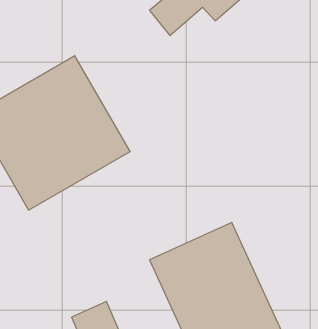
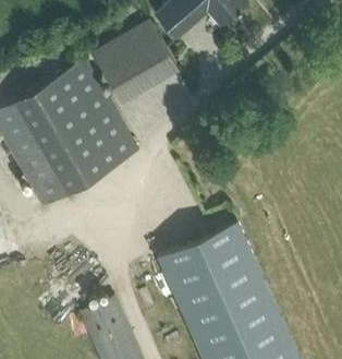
building: none -> [93,19,183,106]

